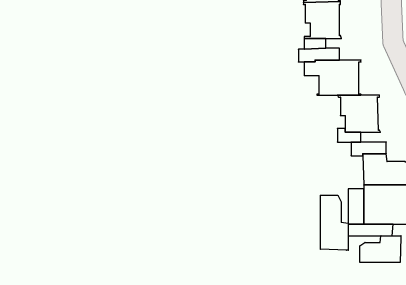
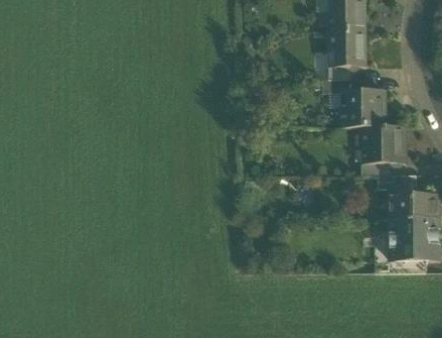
building: [320,195,348,250] -> none
building: [360,236,401,262] -> none

